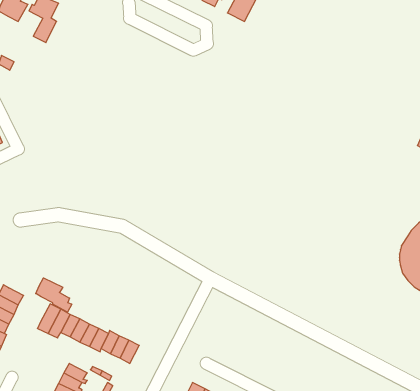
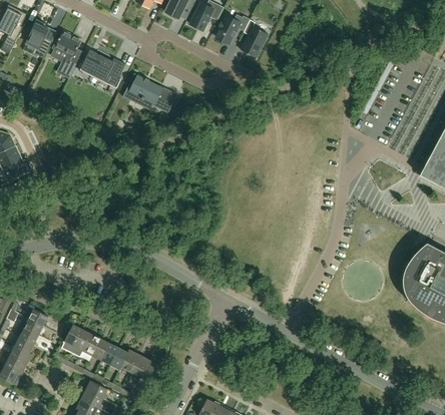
building: none -> [80,51,121,88]
building: none -> [122,72,171,109]
building: [36,278,72,312] -> none

